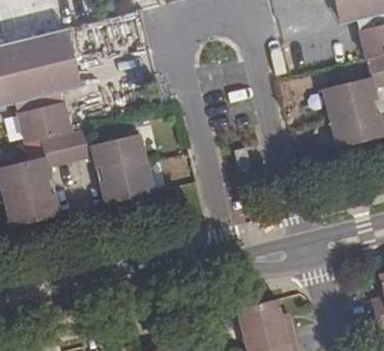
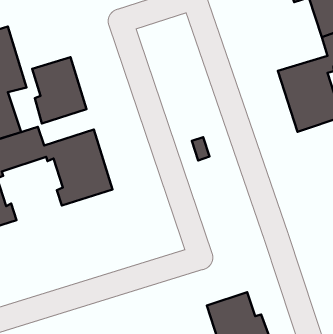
building: none -> [32,57,86,123]

